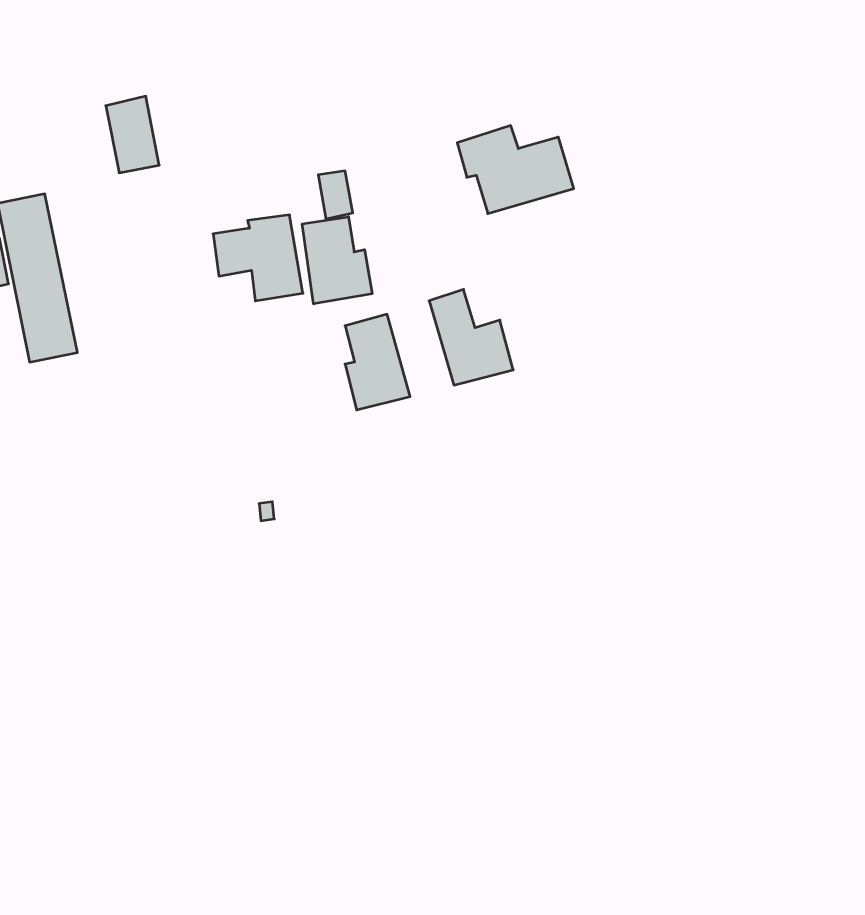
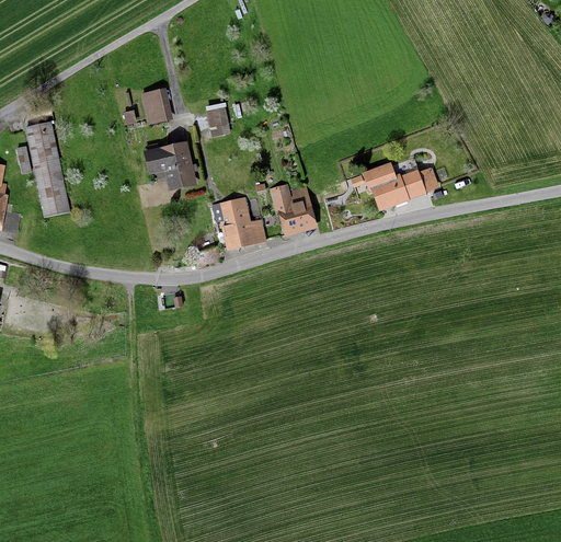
building: [106,96,159,173] -> [144,84,174,128]
building: [457,126,574,214] -> [363,159,430,209]
building: [302,217,372,304] -> none

